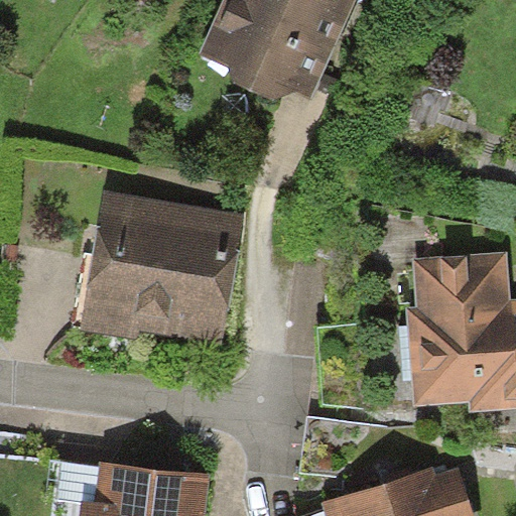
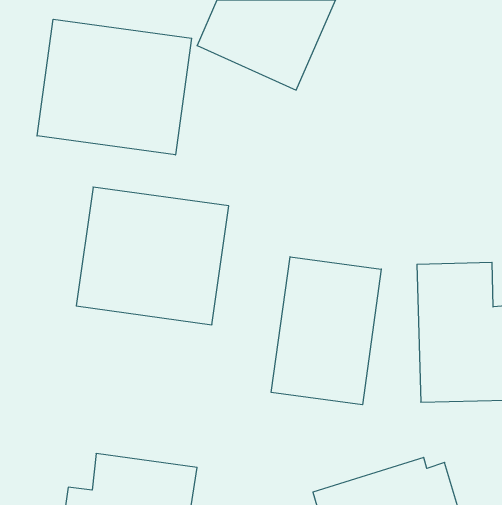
building: none -> [37,19,192,155]
building: none -> [271,257,381,405]

